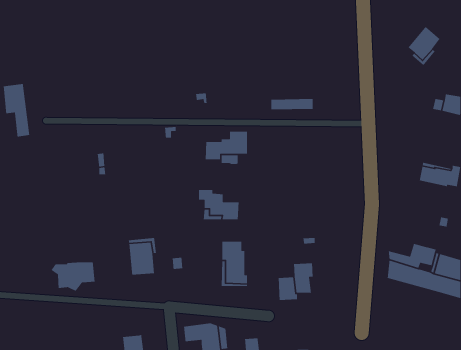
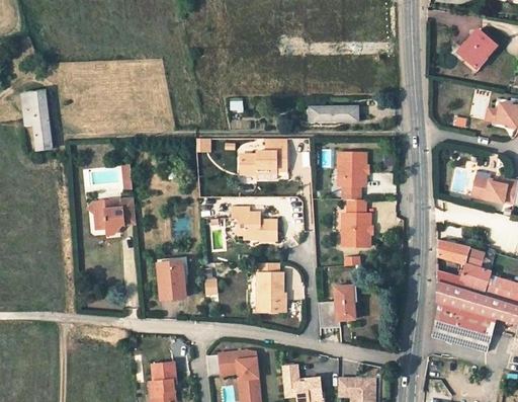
building: none -> [338,152,366,193]
building: none -> [342,206,369,247]
building: none -> [437,240,483,267]
building: [50,262,96,292] -> [88,200,137,233]
building: none -> [431,302,495,351]

